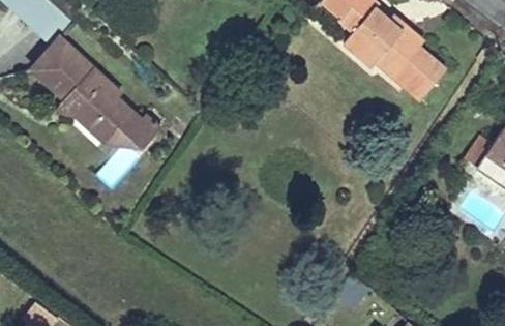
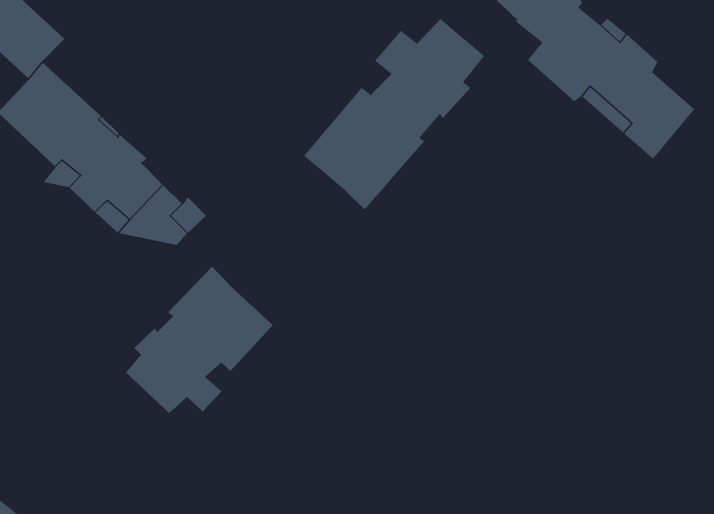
building: none -> [303,18,485,210]
building: none -> [125,266,274,414]

